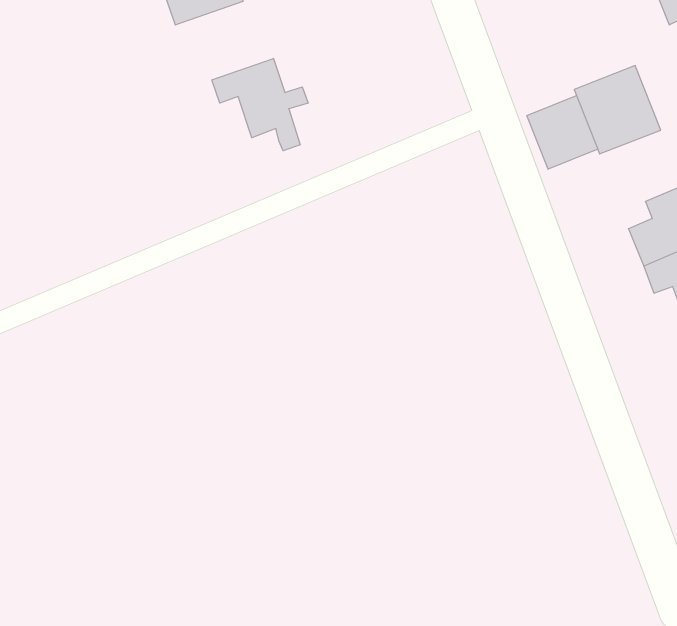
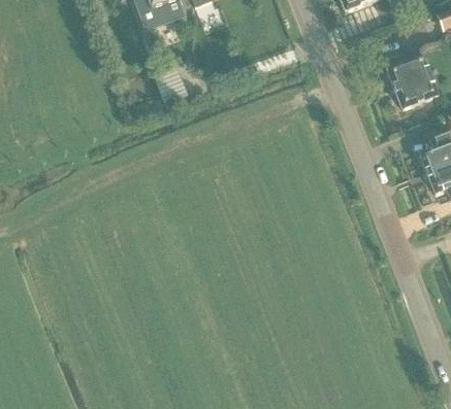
building: [212,58,308,151] -> none
building: [527,96,598,169] -> none

